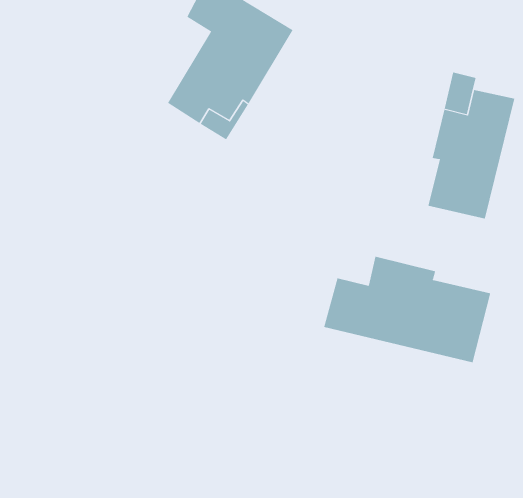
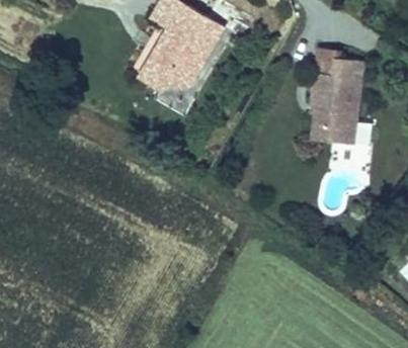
building: [324,256,491,363] -> none

